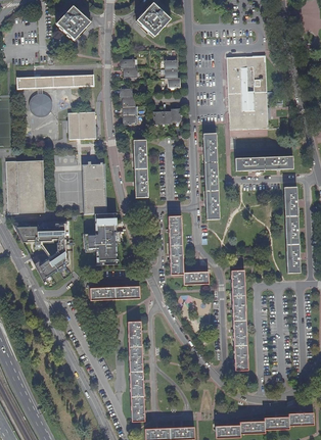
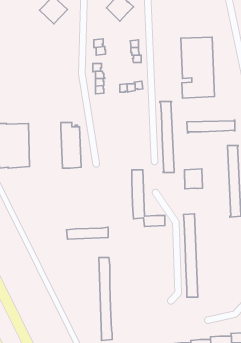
building: [17,75,94,117] -> none
building: [68,111,96,139] -> none
building: [132,140,147,198] -> none
building: none -> [185,169,203,189]
building: [85,215,122,264] -> none
building: [14,224,67,281] -> none

